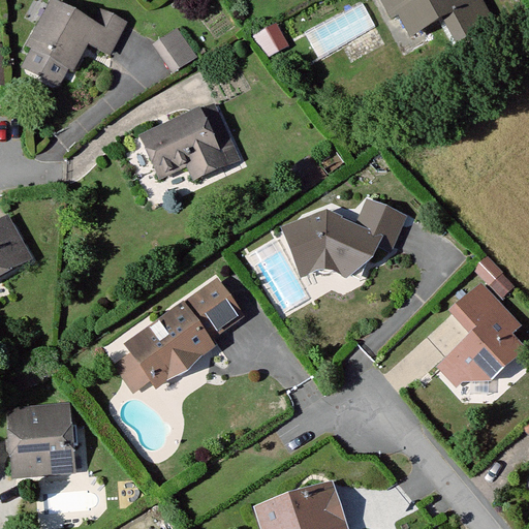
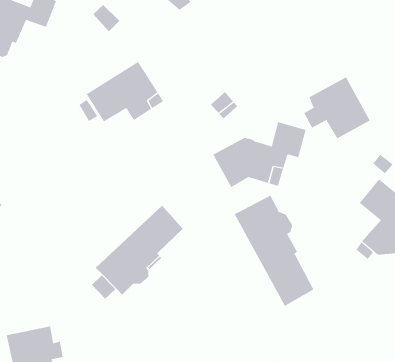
building: none -> [304,76,371,139]
building: none -> [234,195,314,307]

